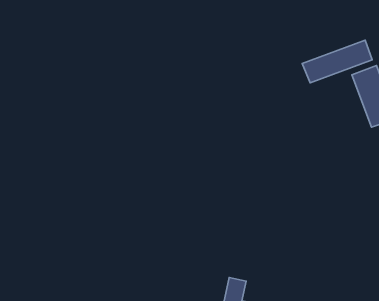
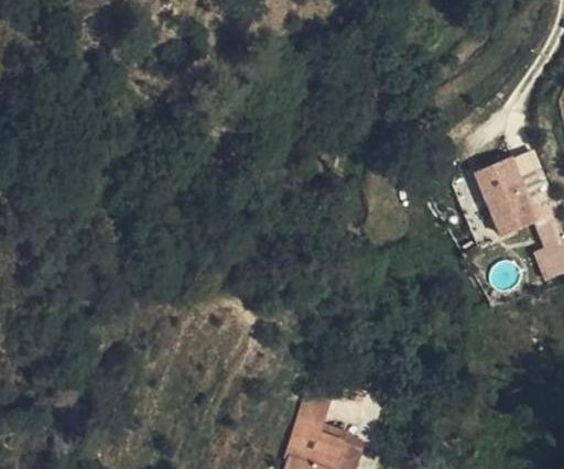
building: [302,40,372,83] -> none

